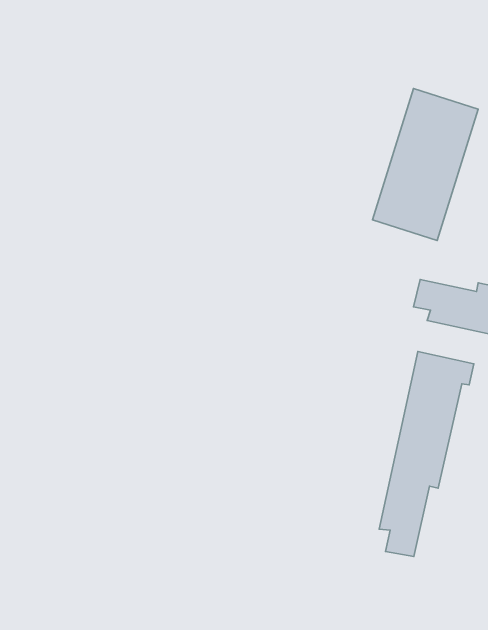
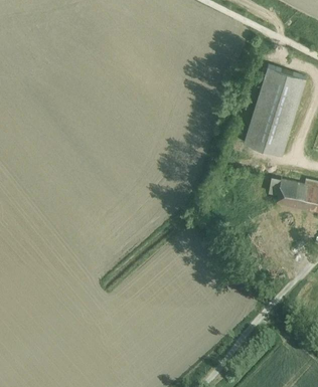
building: [379,352,474,557] -> none

